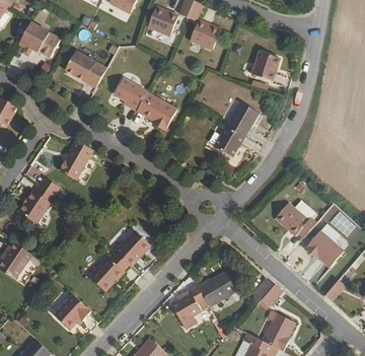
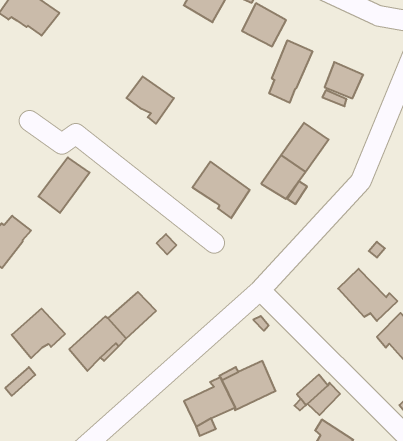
building: none -> [269,40,312,103]
building: [64,52,105,88] -> none
building: [135,92,175,131] -> [192,162,250,218]
building: [53,294,90,330] -> [12,309,65,358]

